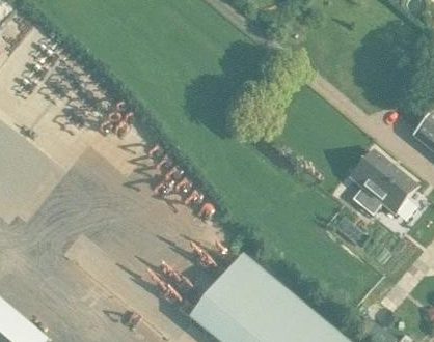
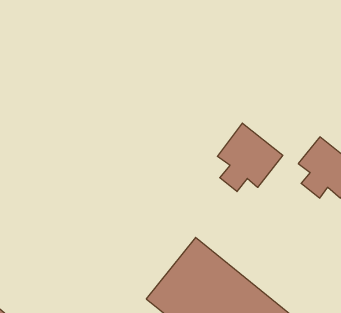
building: none -> [217,123,283,192]

